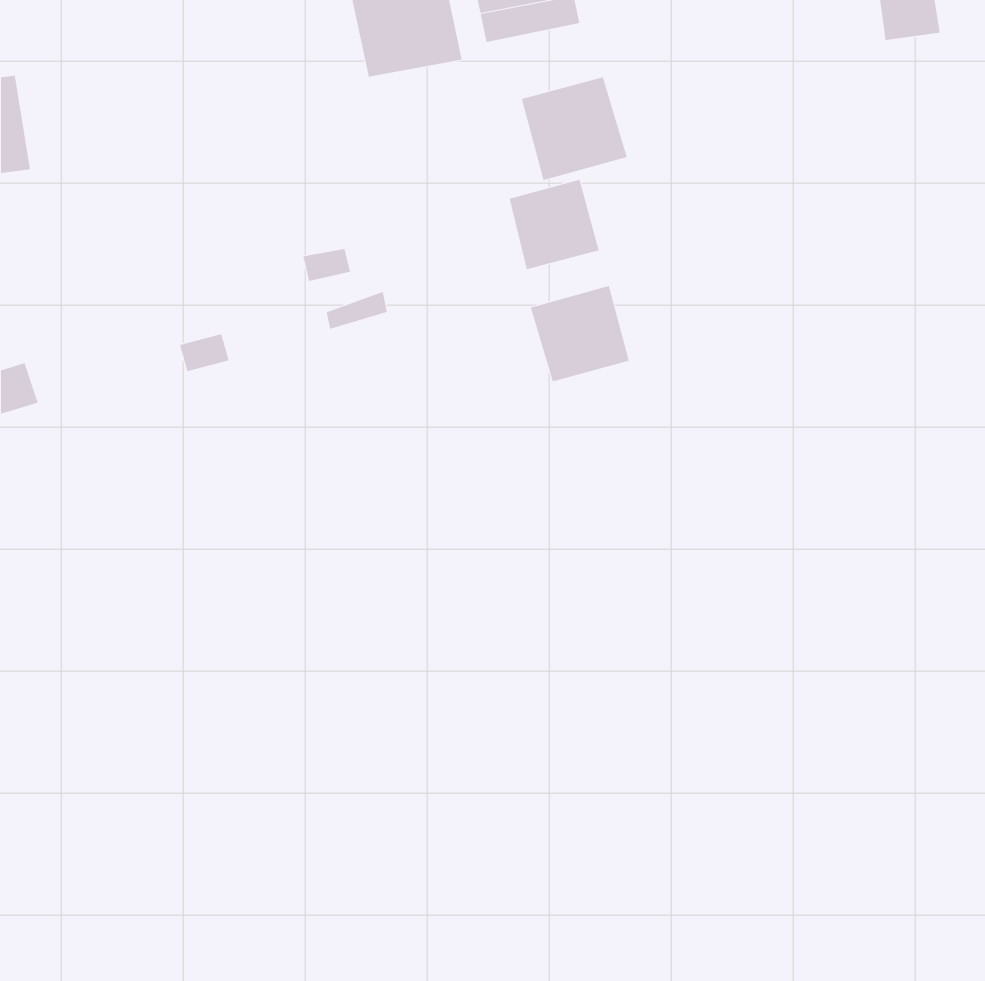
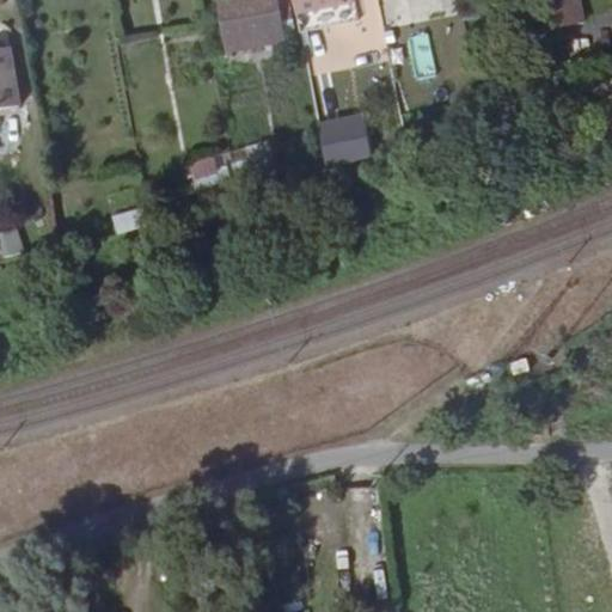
building: [521,76,627,181] -> none
building: [530,285,630,382] -> none

